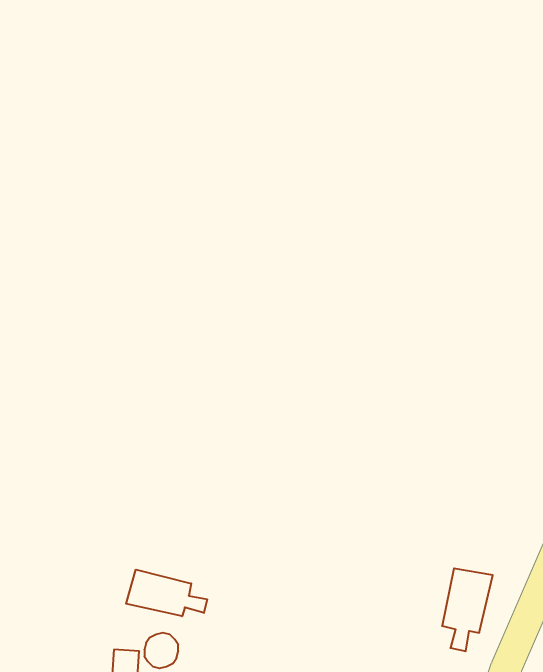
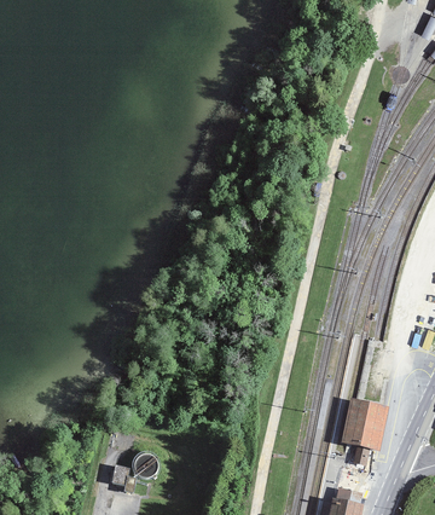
building: [126,570,207,616] -> none

